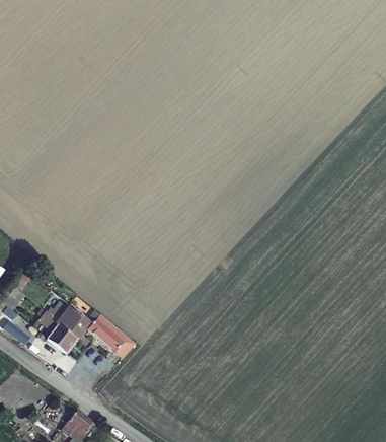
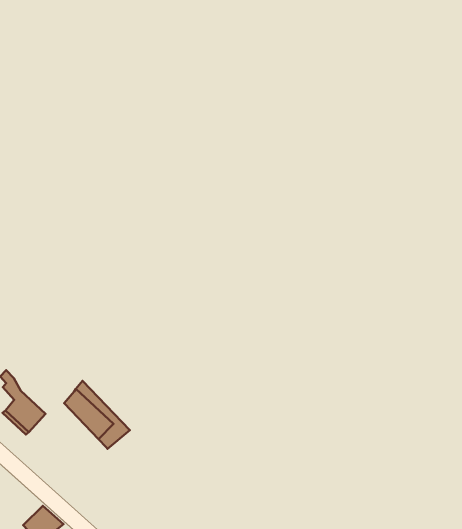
building: [57,308,88,339] -> none

